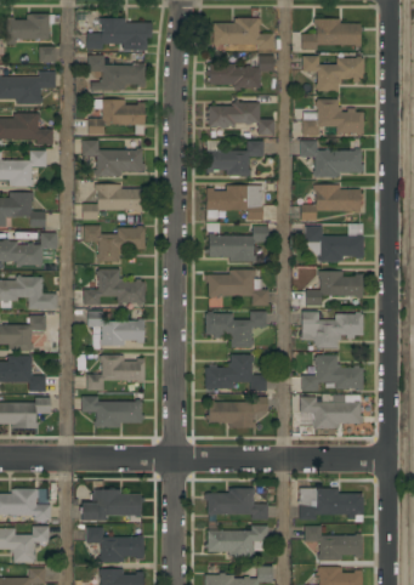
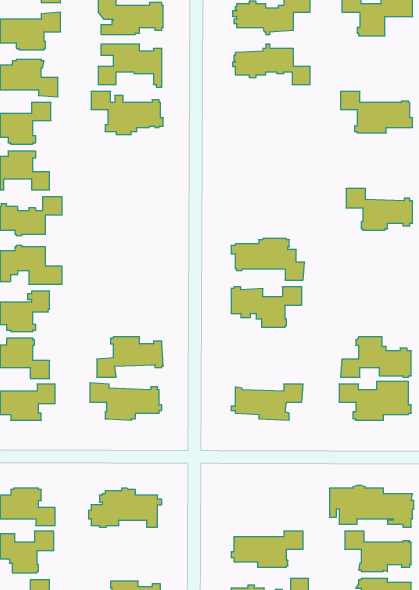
building: [302,100,364,136] -> none
building: [205,141,263,178] -> none
building: [83,184,142,220] -> none
building: [301,184,361,221] -> none
building: [206,186,263,221] -> none
building: [84,226,146,262] -> none
building: [205,226,268,262] -> none
building: [84,269,144,305] -> none
building: [306,272,363,306] -> none
building: [87,311,144,346] -> none
building: [302,312,363,348] -> none
building: [205,354,267,391] -> none
building: [205,488,268,522] -> none
building: [86,527,144,562] -> none

